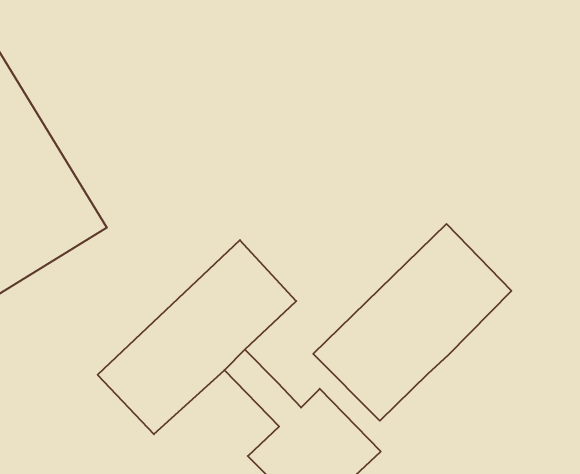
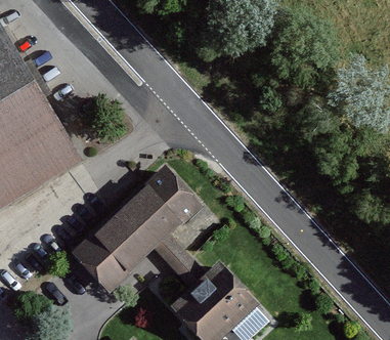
building: [313,224,511,421] -> none

